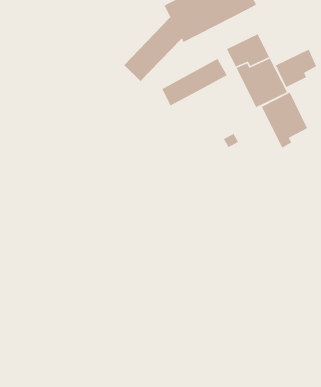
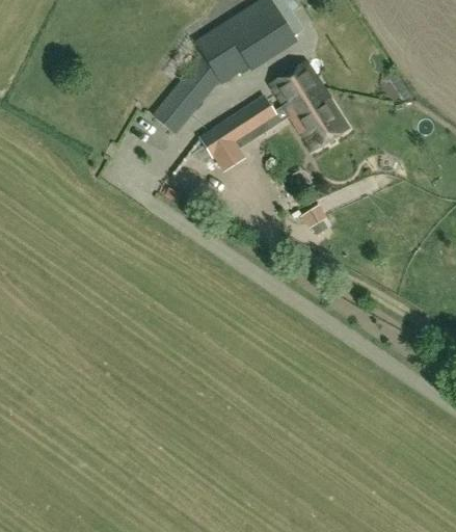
building: [275,48,317,88] -> none
building: [261,91,308,149] -> none

